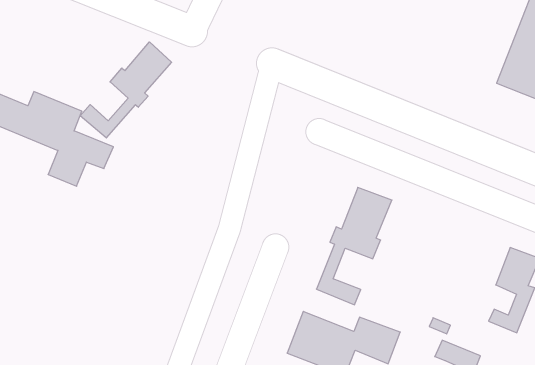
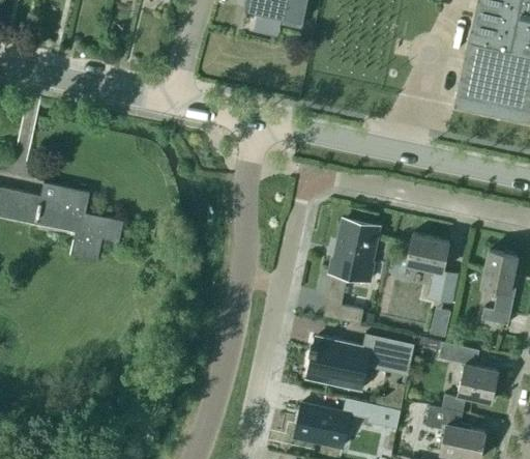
building: [80,42,172,138] -> none
building: none -> [407,234,459,303]

